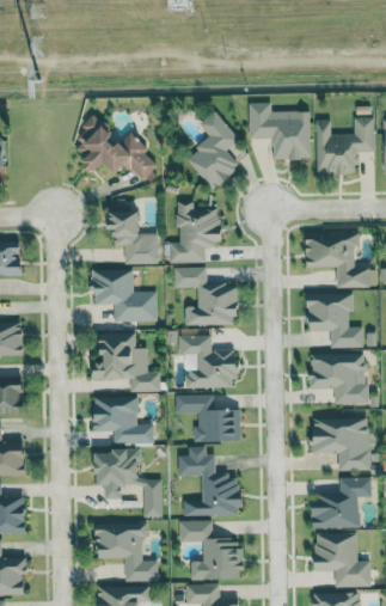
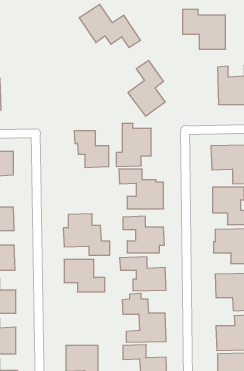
building: [249,103,311,160] -> [183,9,226,49]
building: [69,118,158,180] -> [79,4,141,48]
building: [93,270,157,322] -> none
building: [97,449,163,518] -> none

